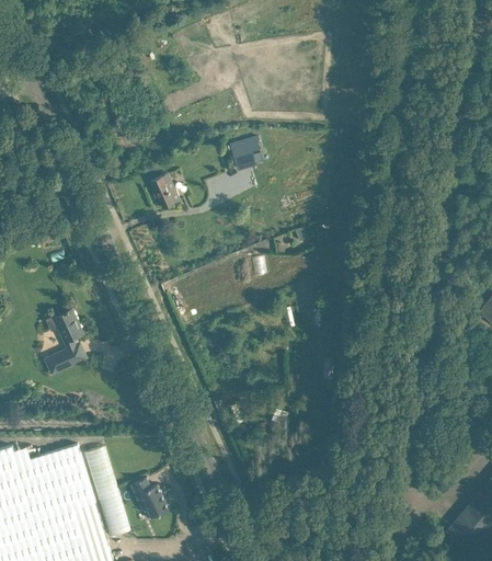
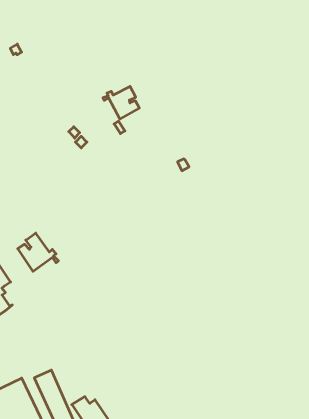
building: [150,178,179,209] -> none
building: none -> [18,233,58,271]

